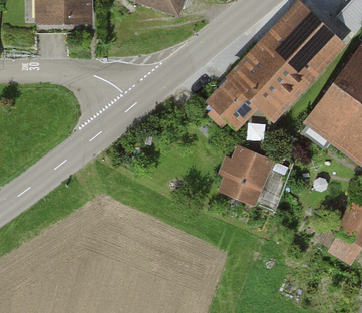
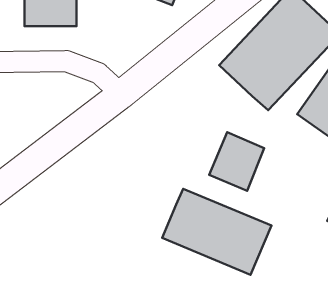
building: [205,76,261,131] -> none
building: none -> [162,189,271,275]

